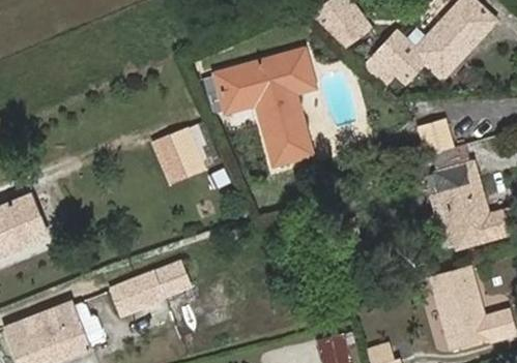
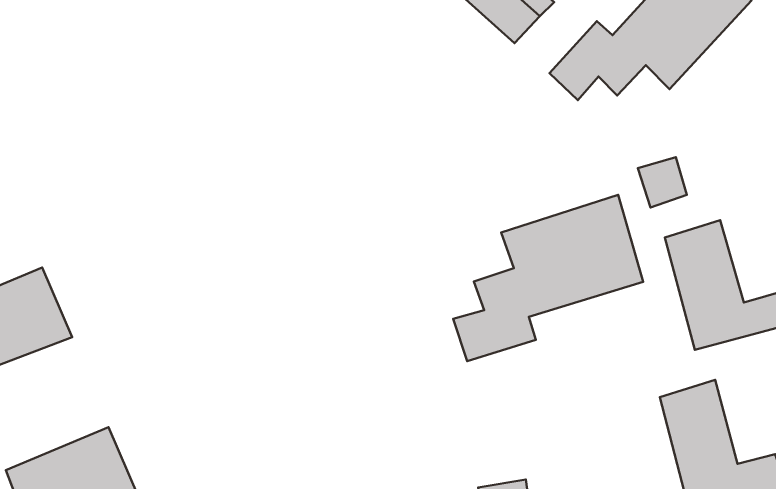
building: [214,50,315,168] -> none
building: [155,131,201,181] -> none
building: none -> [453,195,643,361]
building: [110,259,188,308] -> none

